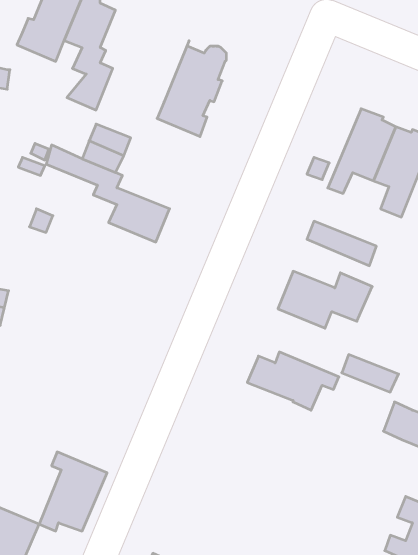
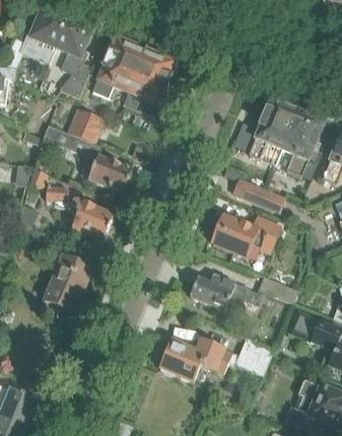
building: none -> [91,32,146,96]
building: none -> [45,185,114,243]
building: none -> [159,336,274,380]
building: [39,452,107,531] -> [42,252,91,310]

